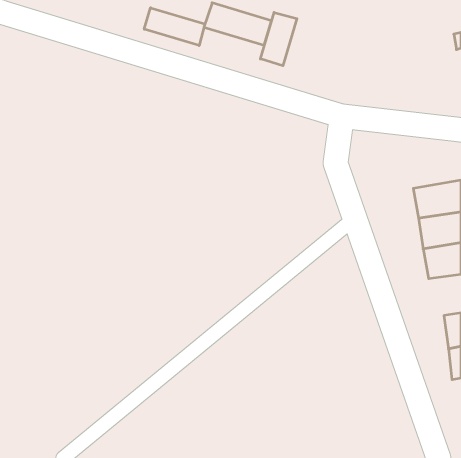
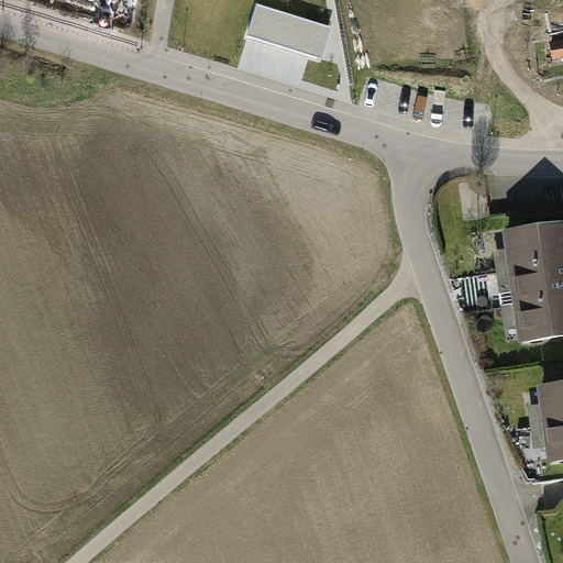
building: [144,8,205,46] -> none
building: [260,12,297,66] -> none

